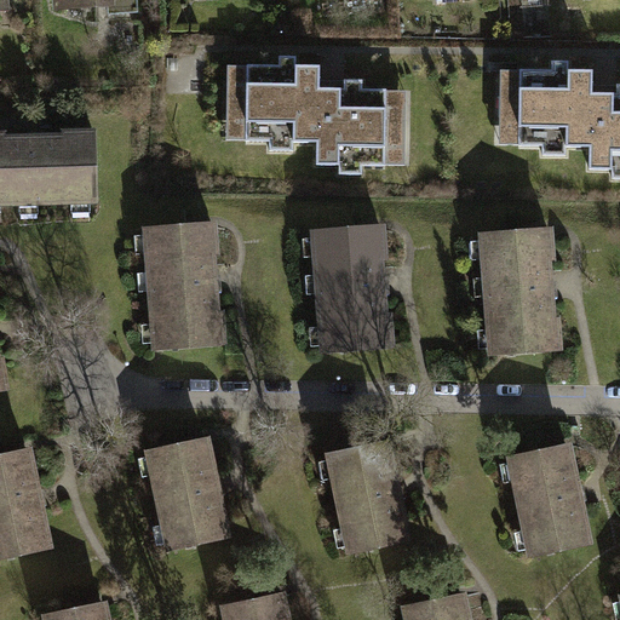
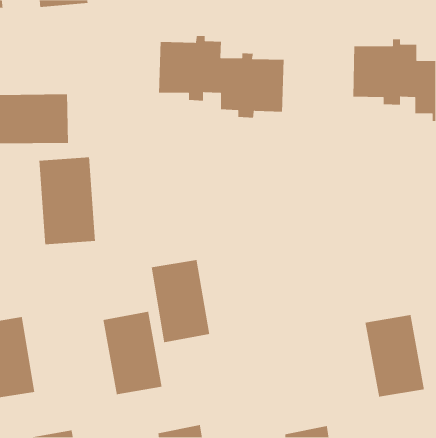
building: [477,224,558,350] -> none
building: [311,226,391,352] -> none
building: [142,229,223,354] -> [38,157,96,245]
building: [327,444,411,563] -> [151,259,210,343]

